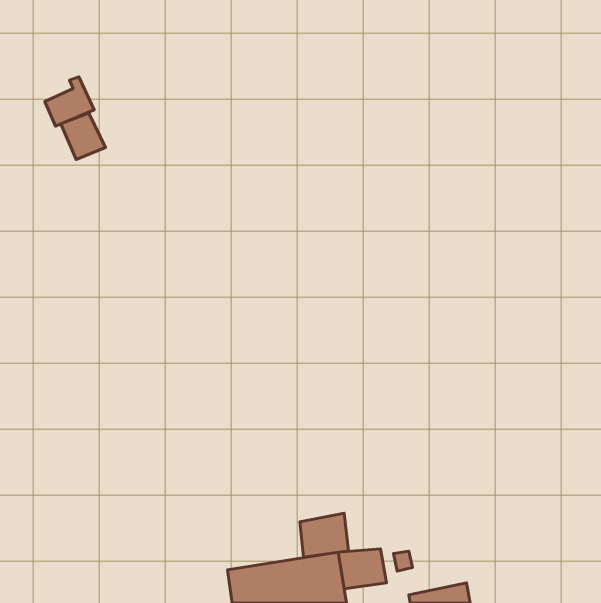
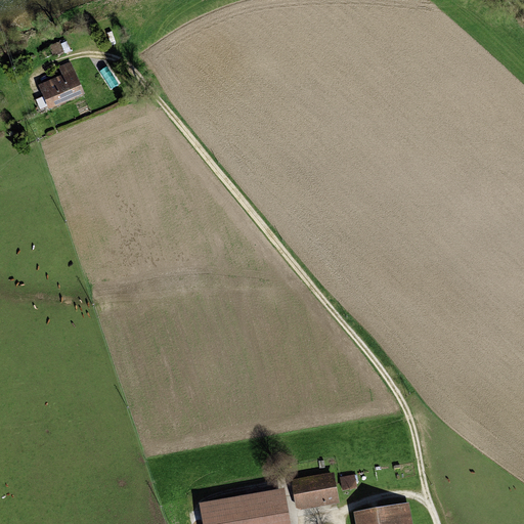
building: [61,113,106,159] -> none
building: [300,513,348,557] -> none

